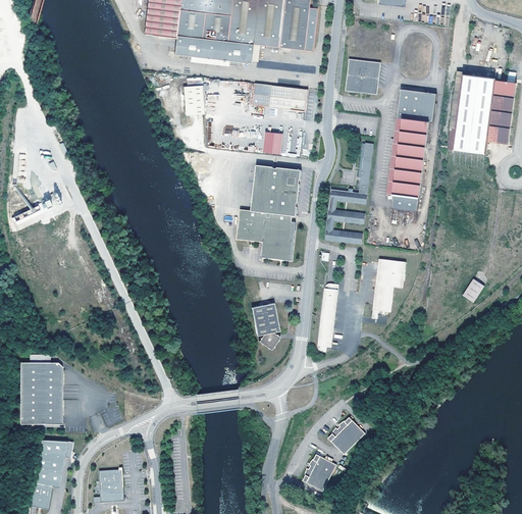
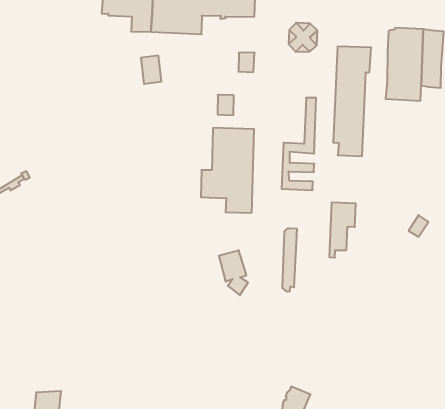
building: [253,83,292,107] -> none
building: [20,361,63,425] -> none
building: [330,417,367,455] -> none

